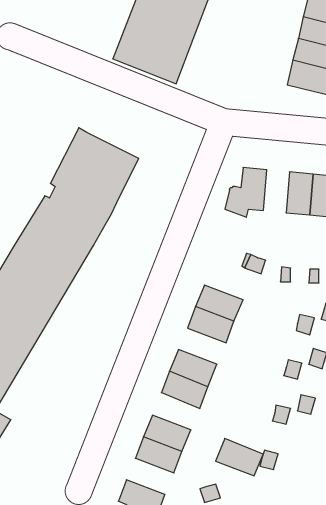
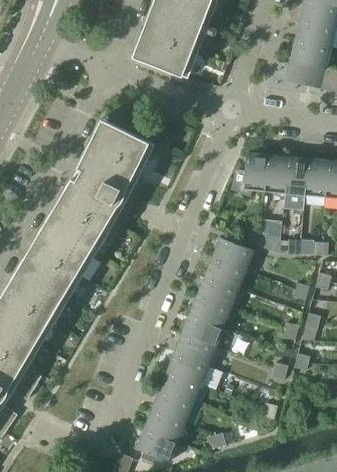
building: none -> [264,155,287,193]
building: none -> [212,237,253,270]
building: none -> [189,295,231,327]
building: [216,438,263,476] -> [166,352,208,385]
building: none -> [143,410,185,442]

